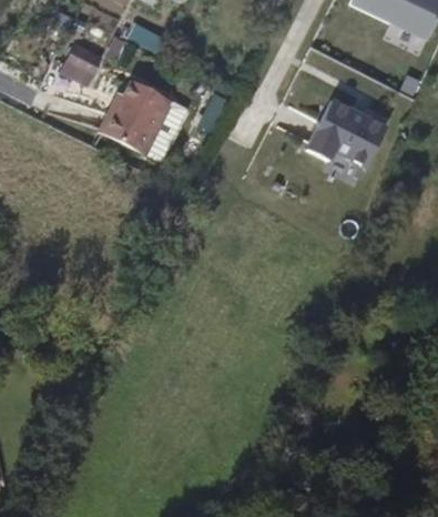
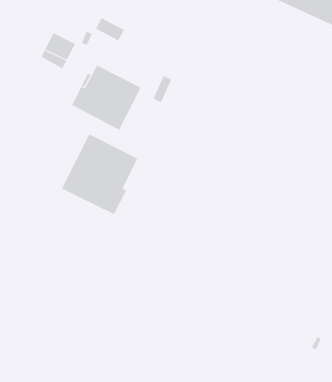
building: [307,95,389,162] -> none
building: none -> [61,133,138,215]

